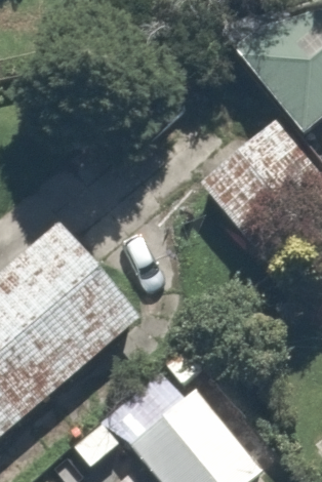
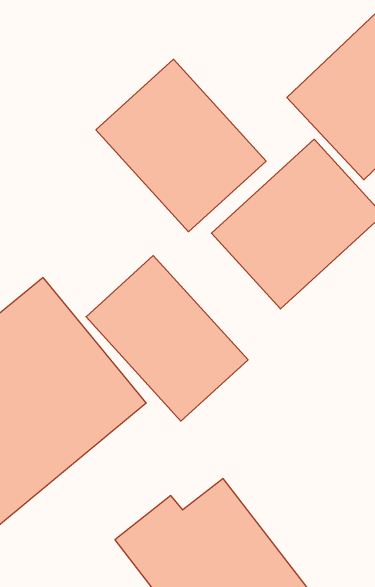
building: none -> [96,59,266,232]
building: none -> [86,256,248,421]

